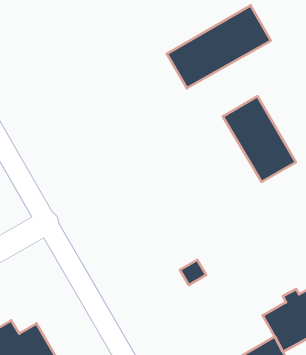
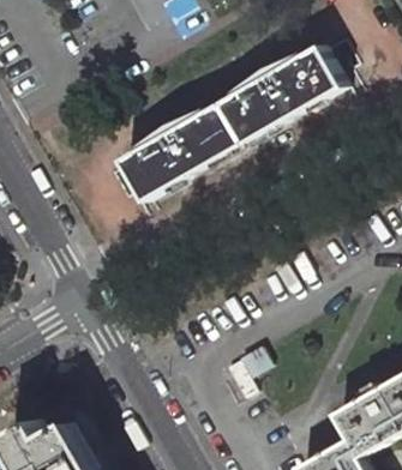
building: none -> [120,102,244,200]
building: [223,96,296,182] -> none

